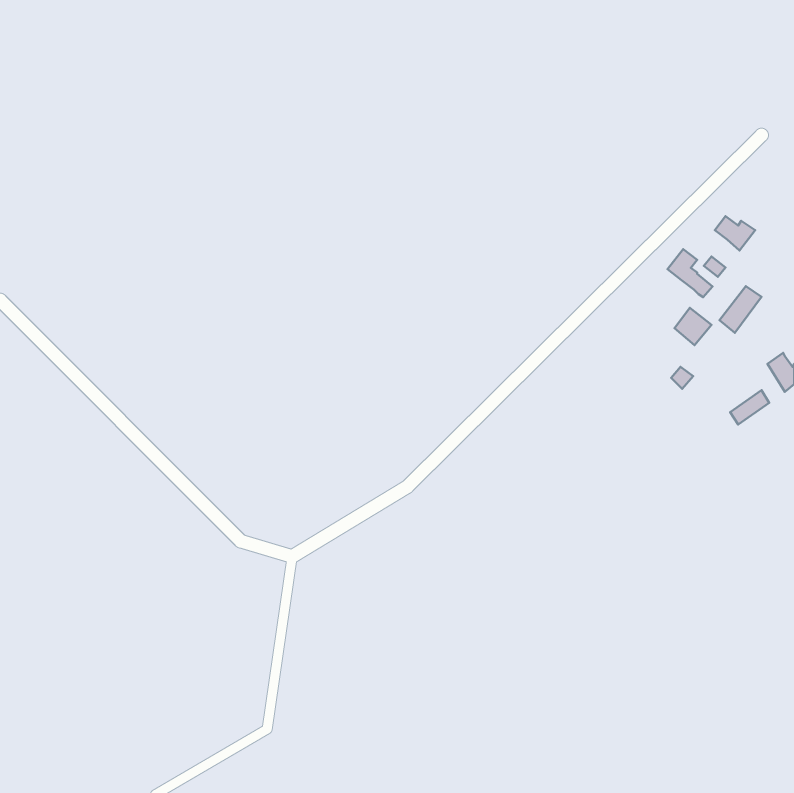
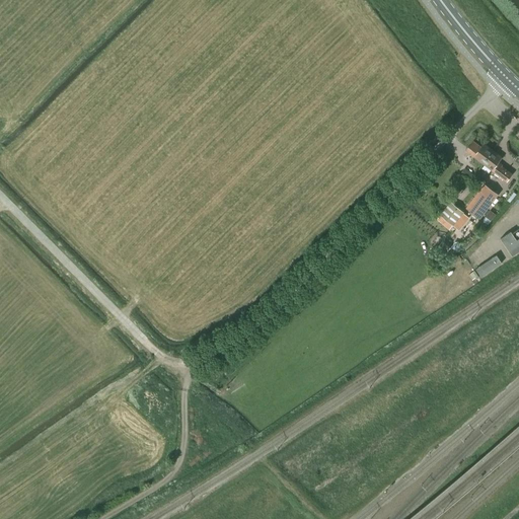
building: [668,249,713,297] -> [483,151,512,182]

